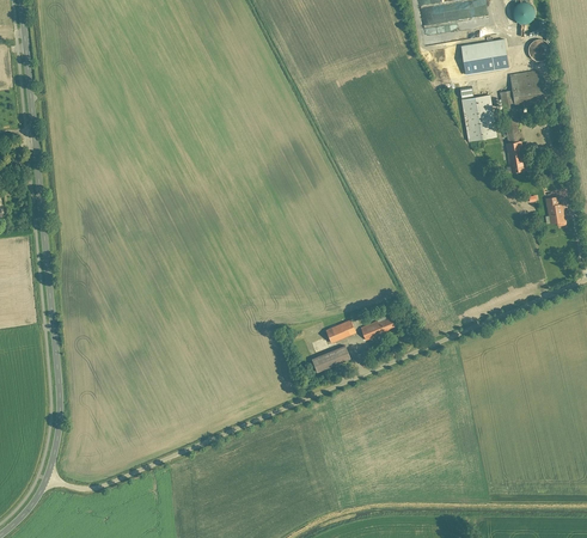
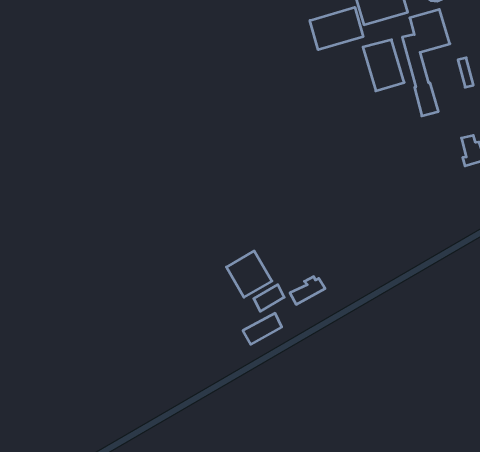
building: none -> [310,7,363,50]
building: none -> [226,251,272,297]

